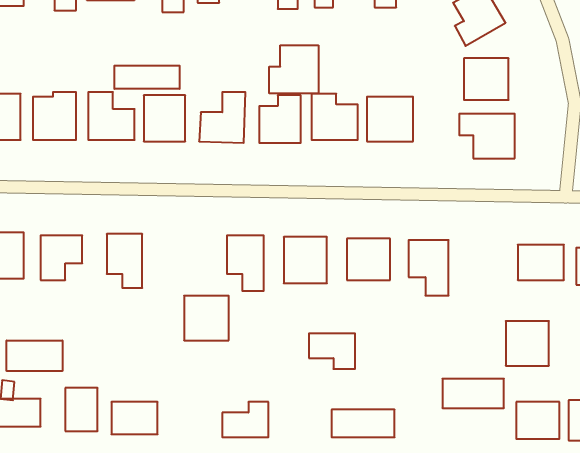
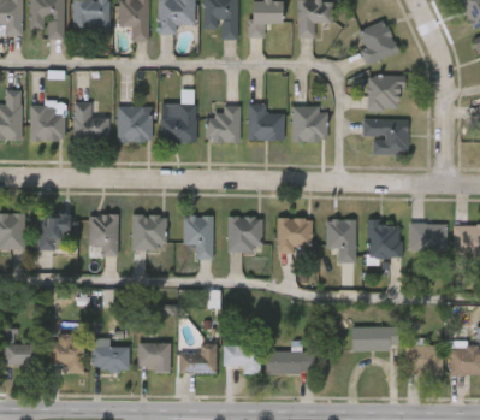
building: [269,45,318,93] -> none
building: [114,66,180,89] -> none
building: [184,296,229,340] -> [131,215,166,250]
building: [506,321,549,366] -> [368,223,402,258]
building: [309,333,355,369] -> [224,347,260,374]
building: [7,340,62,371] -> none
building: none -> [138,343,170,371]

